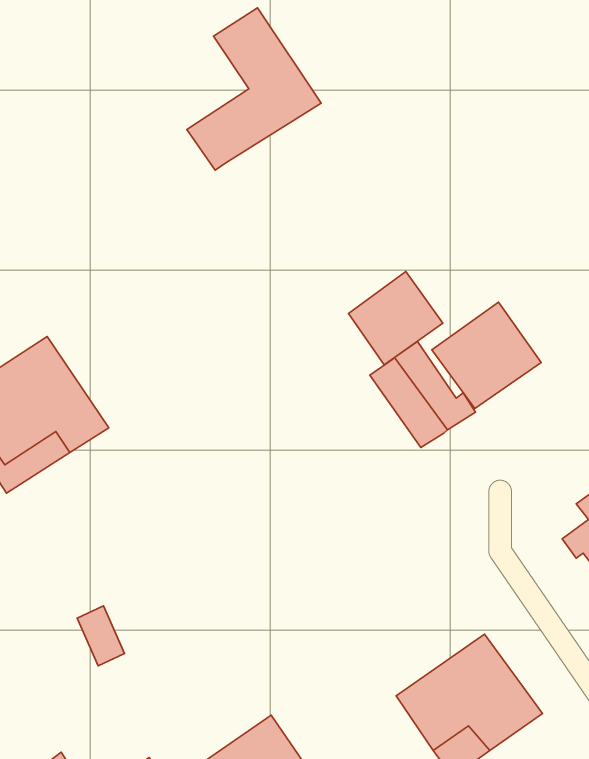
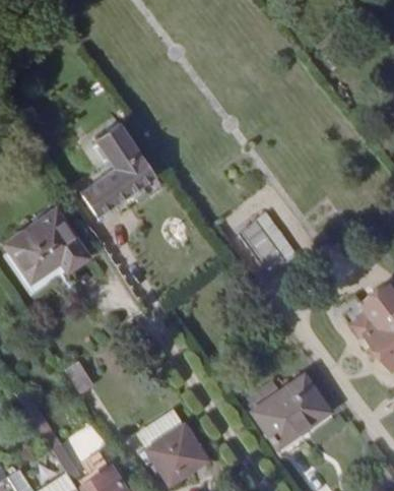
building: [187,8,321,170] -> [78,121,155,214]
building: [348,272,443,365] -> none
building: [432,302,541,408] -> none

